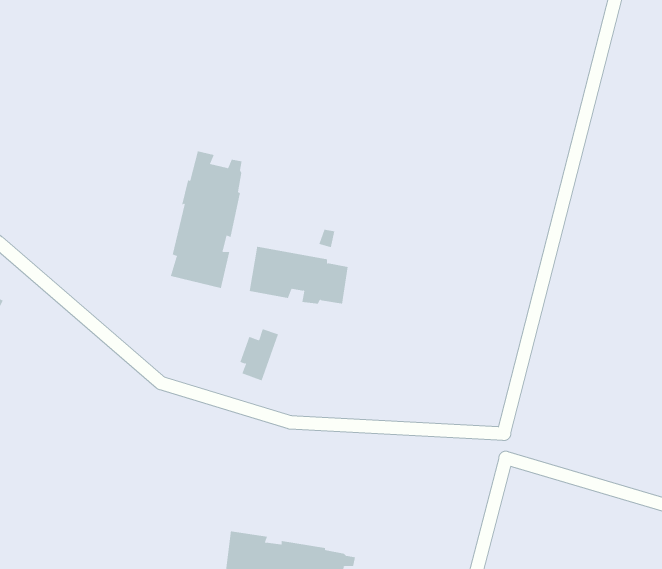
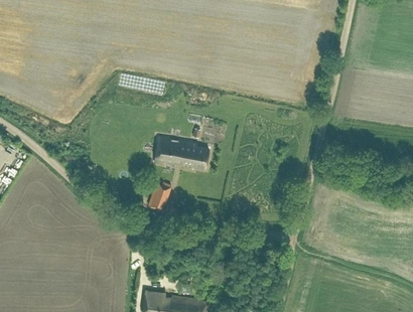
building: [170,150,242,289] -> none

